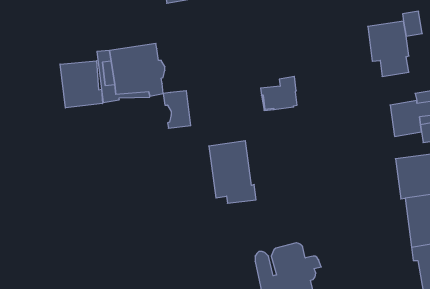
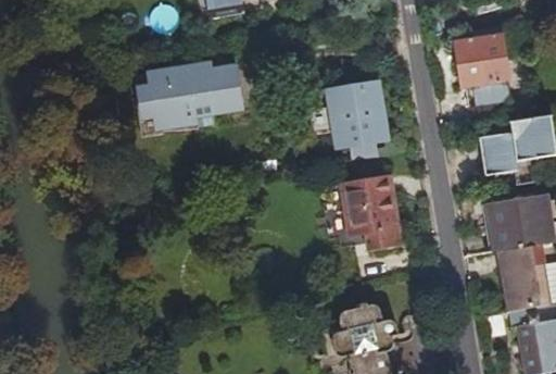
building: none -> [326,80,382,138]
building: [60,61,103,108] -> none
building: [163,91,191,128] -> [203,64,237,110]
building: [209,141,256,203] -> [332,174,390,250]

